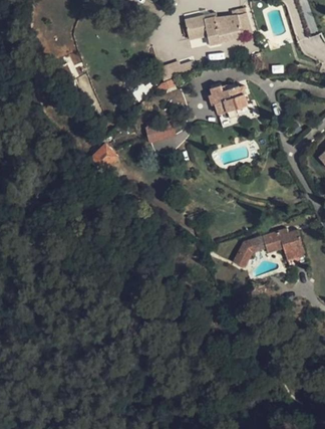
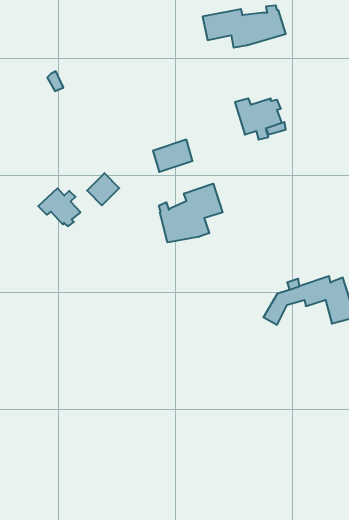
building: none -> [159,184,223,242]
building: none -> [38,188,80,226]

